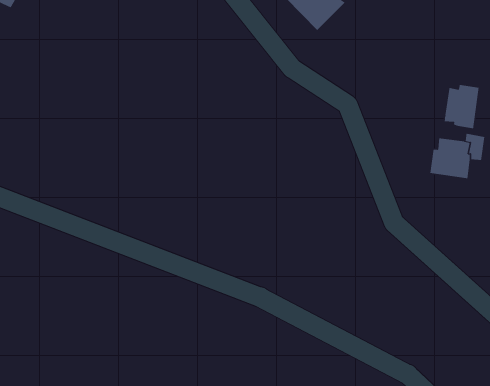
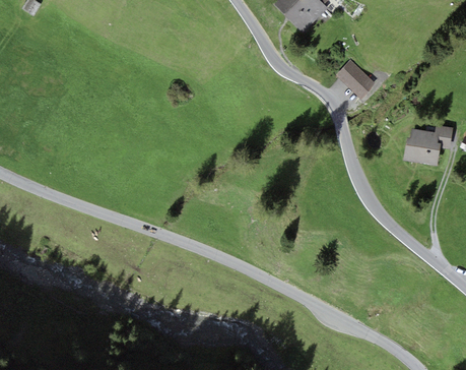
building: none -> [336,59,375,98]
building: [444,84,479,129] -> none

